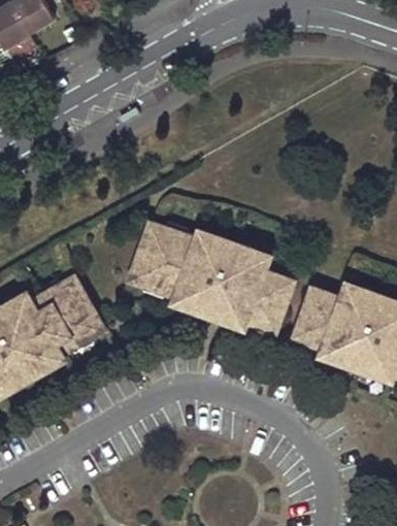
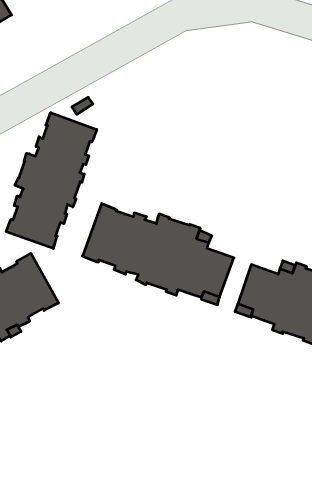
building: none -> [6,113,97,249]

